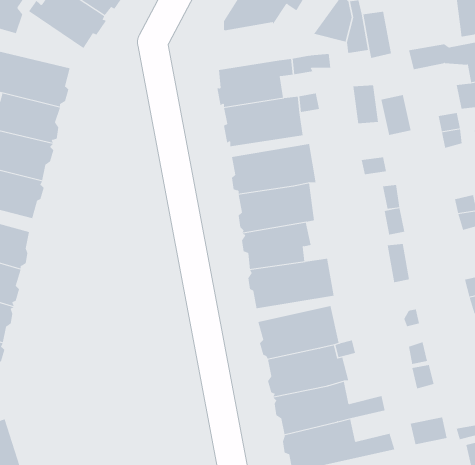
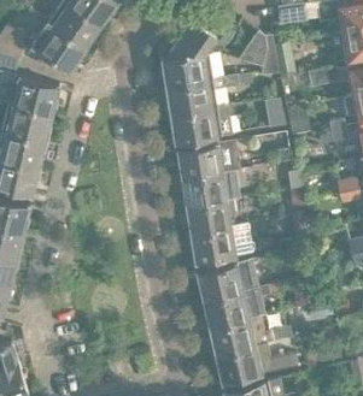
building: none -> [163,52,212,87]

